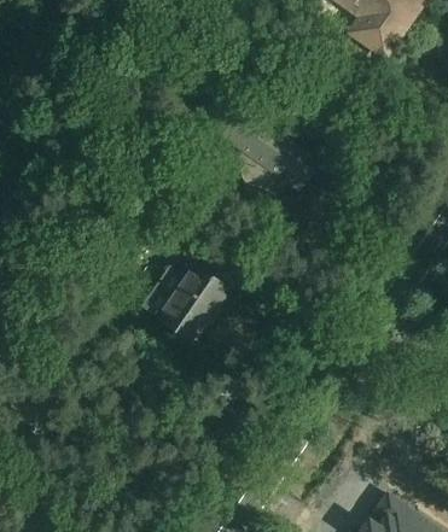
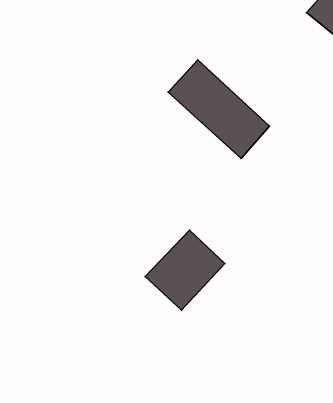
building: [151,261,232,345] -> [145,230,225,310]

